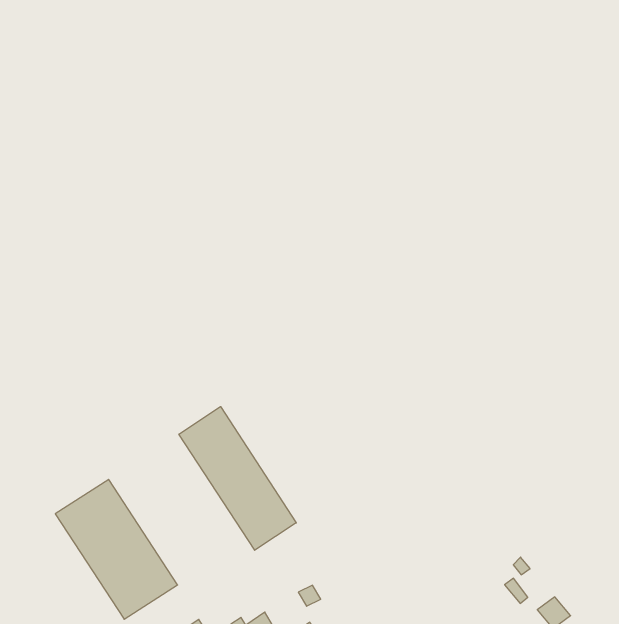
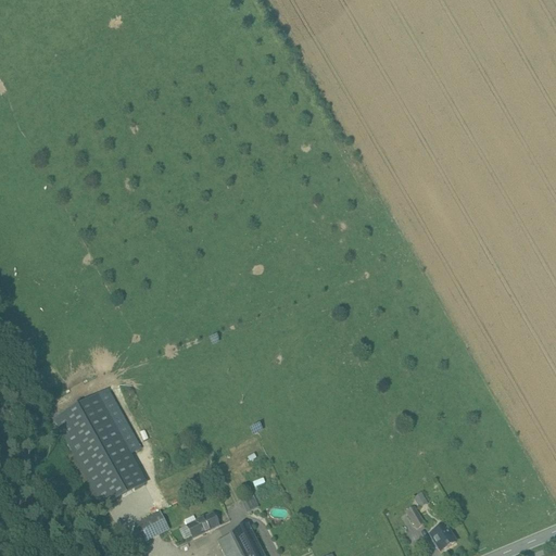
building: [179,407,296,550] -> none

